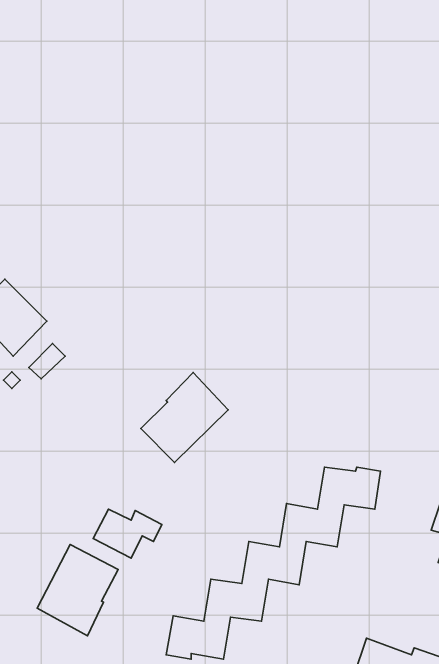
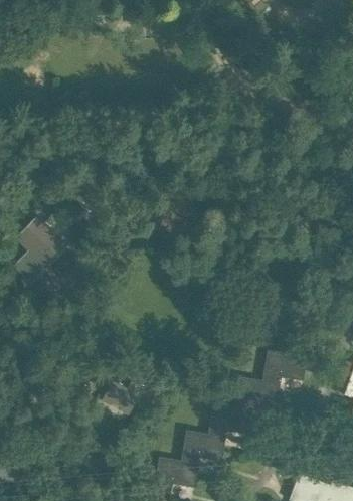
building: [141,373,228,463] -> none
building: [37,544,118,636] -> none

